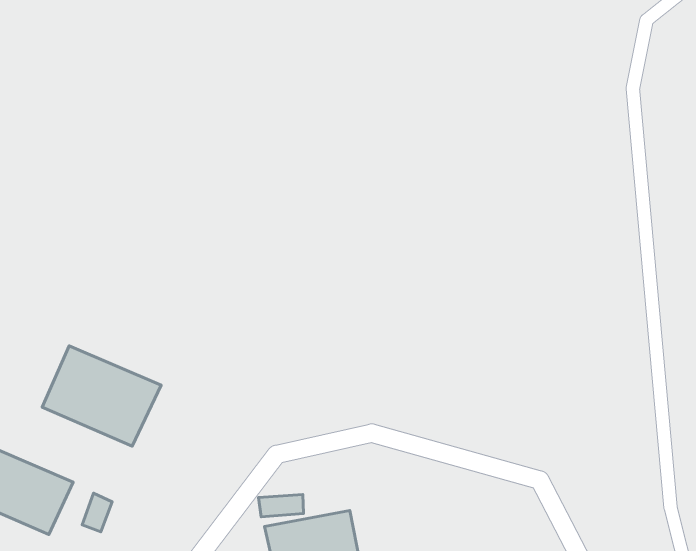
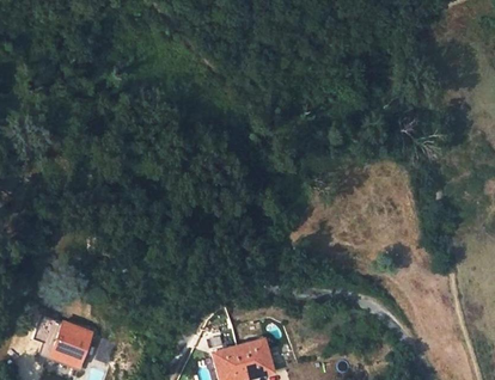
building: [42,346,161,446] -> none

